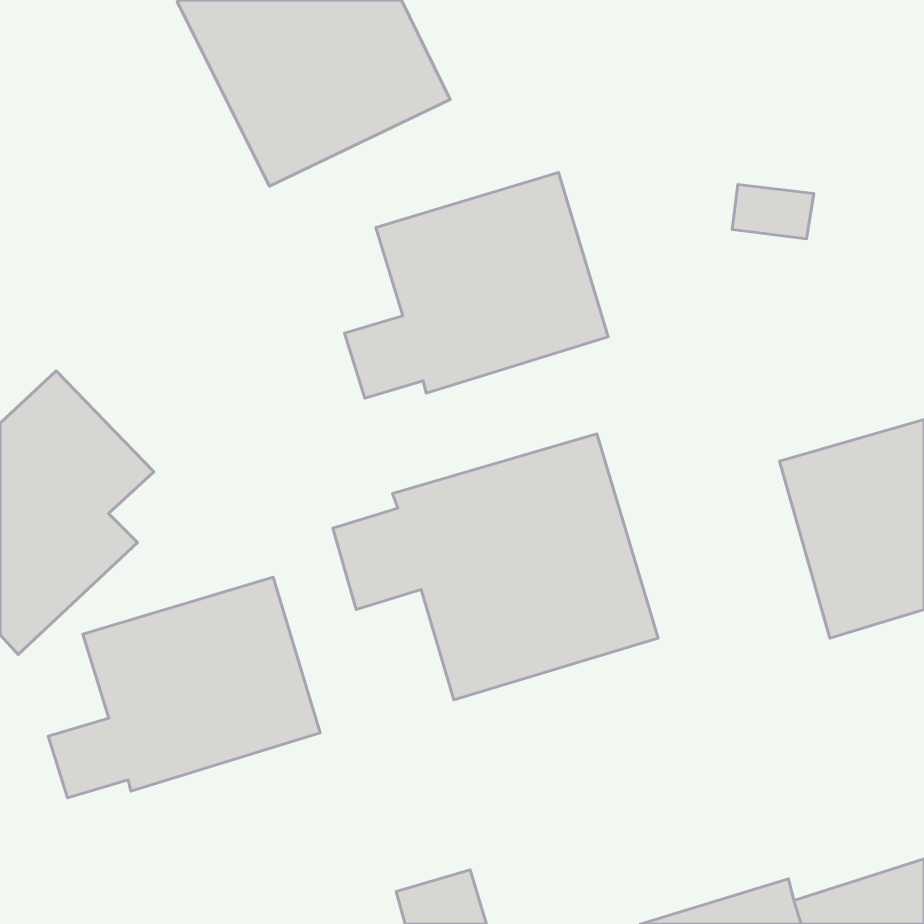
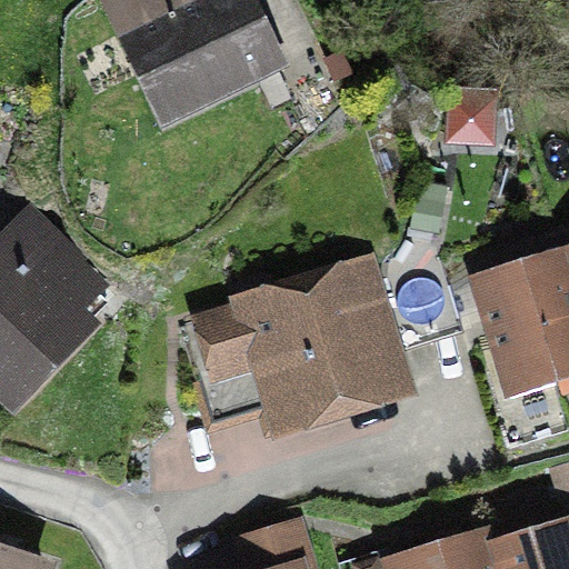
building: [345,173,608,398] -> none
building: [48,577,320,798] -> none

